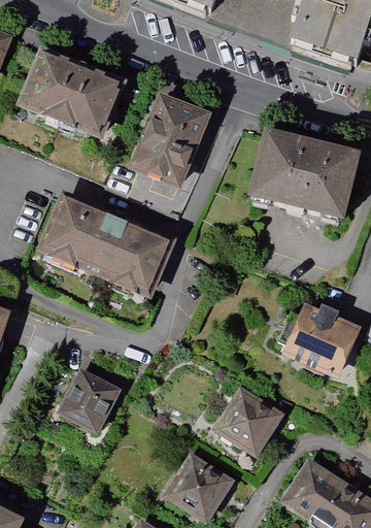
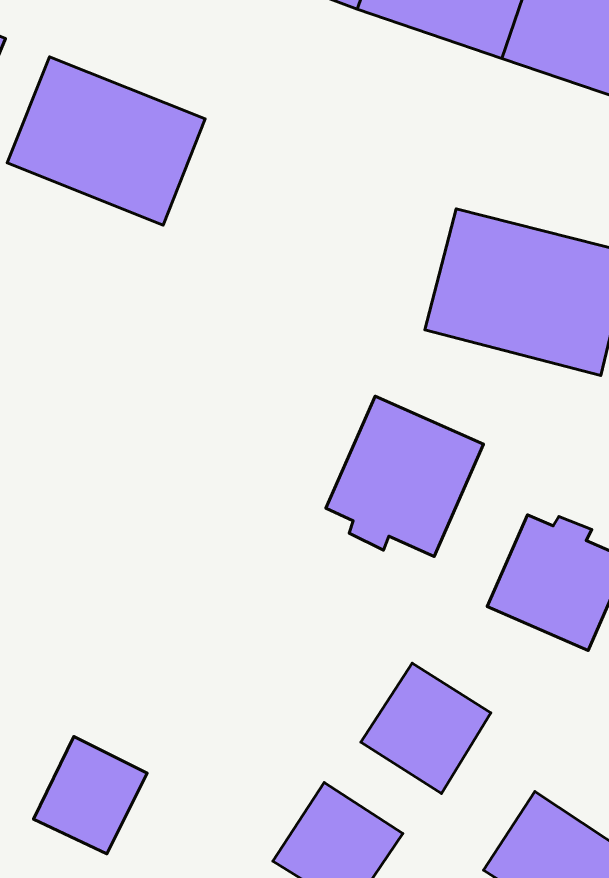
building: [133,93,210,189] -> none
building: [39,194,175,299] -> none
building: none -> [326,396,483,556]
building: [57,368,121,434] -> [33,737,147,854]

